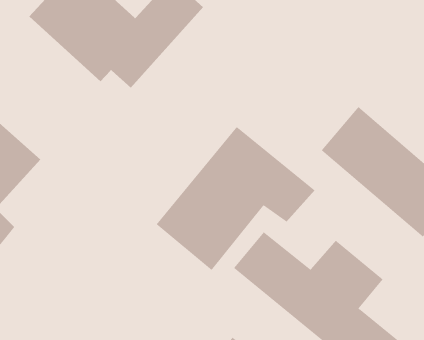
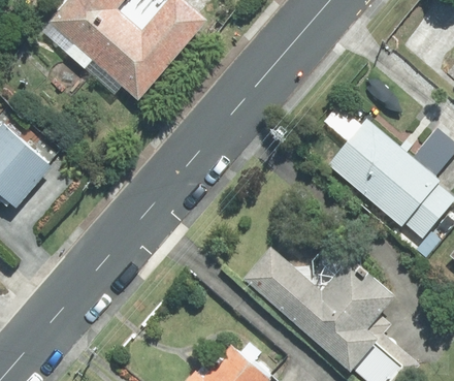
building: [156,126,315,271] -> none

